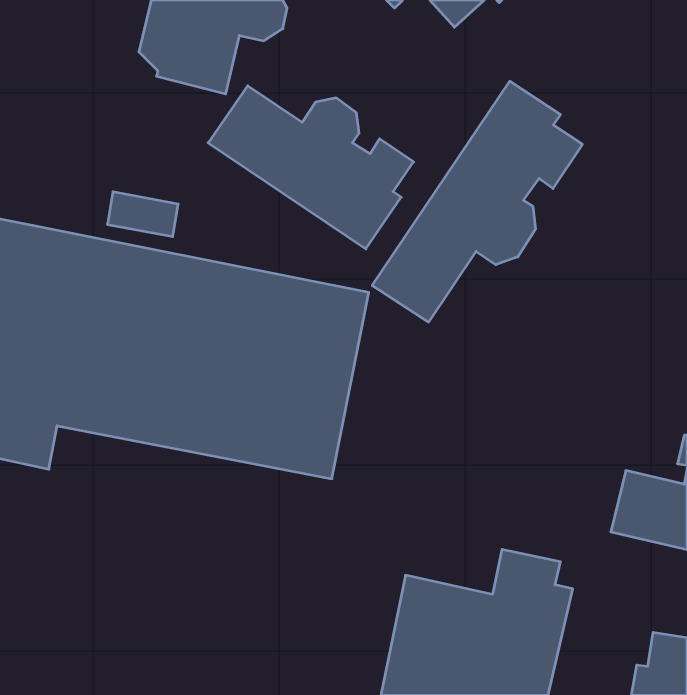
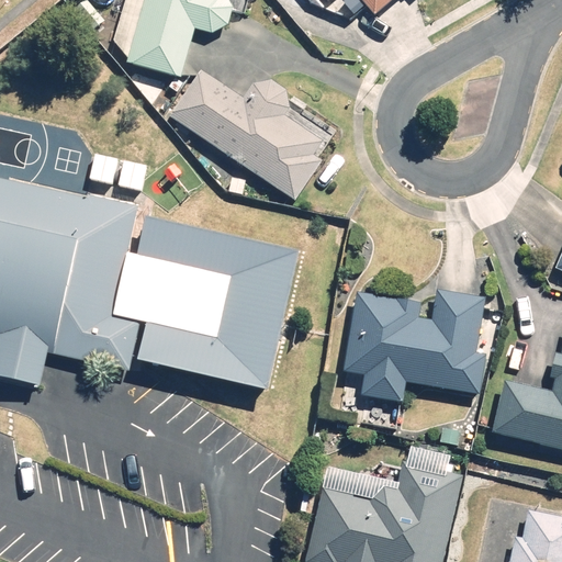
building: [372,81,582,322] -> none
building: none -> [346,292,486,403]

